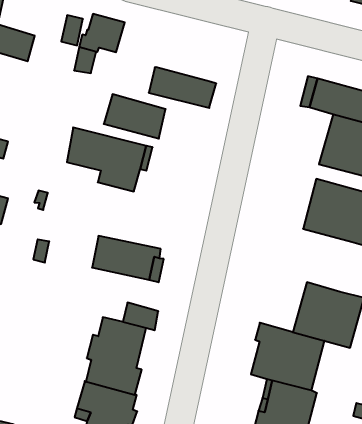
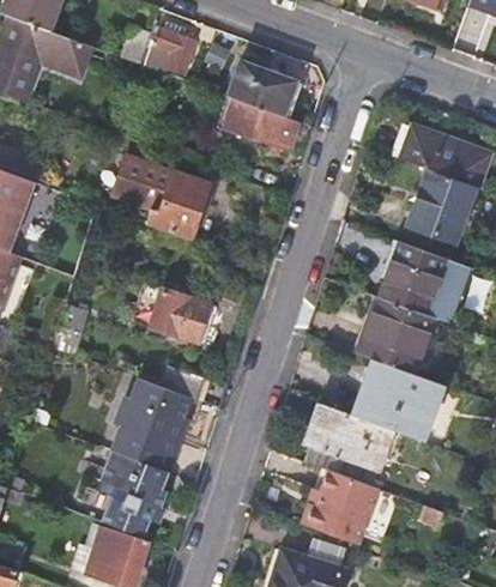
building: [104,94,166,139] -> [226,62,300,119]
building: none -> [367,298,435,375]

